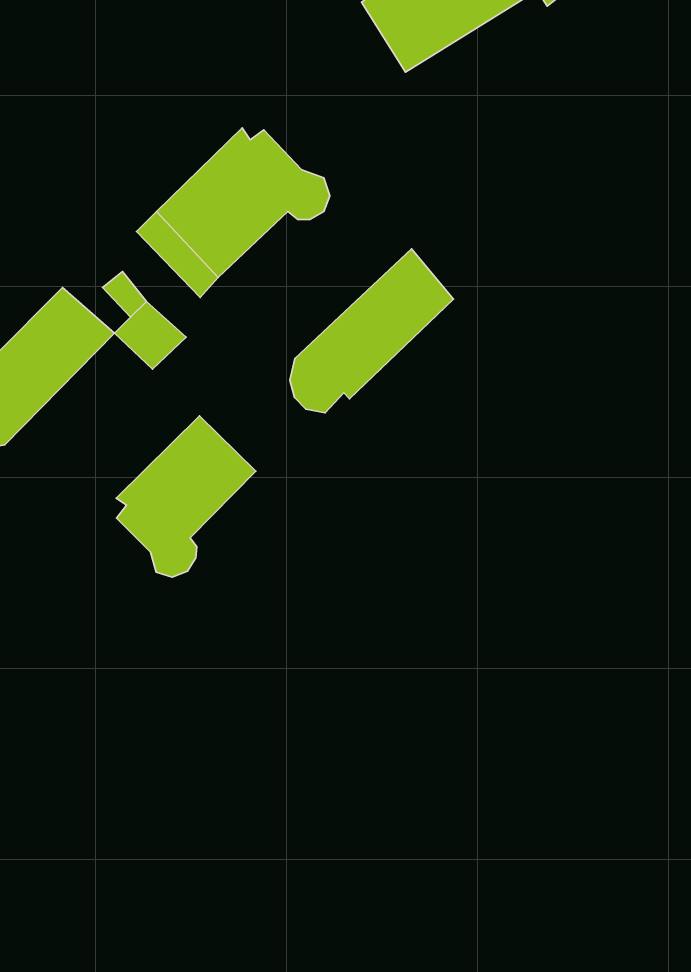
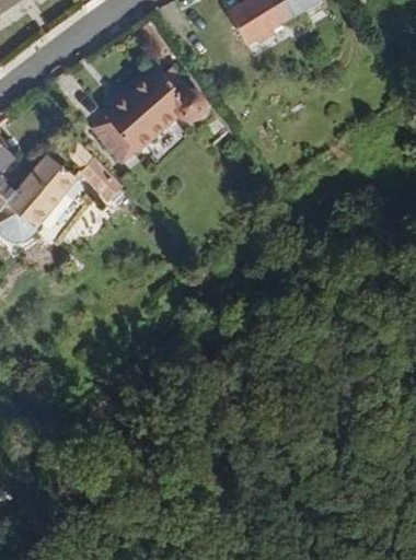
building: [290,249,454,413] -> none
building: [116,416,256,577] -> none

